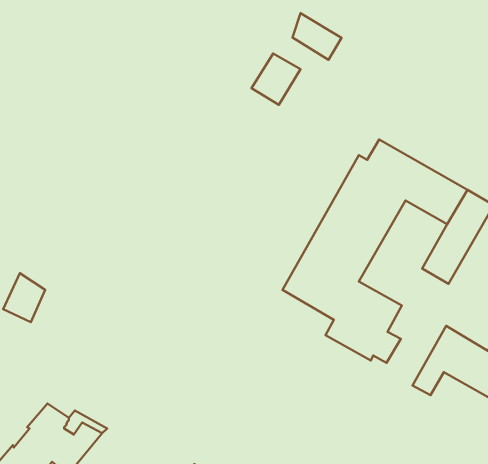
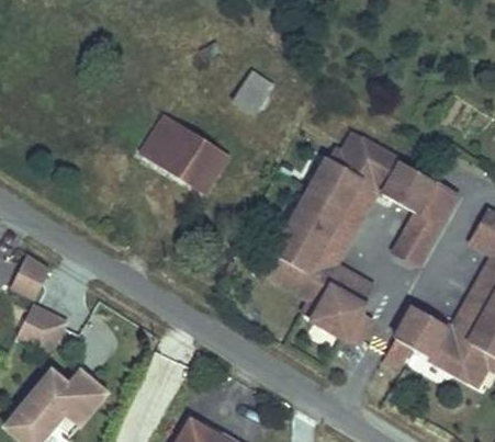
building: [292,13,341,60] -> none
building: none -> [140,113,230,183]
building: none -> [15,308,64,354]

